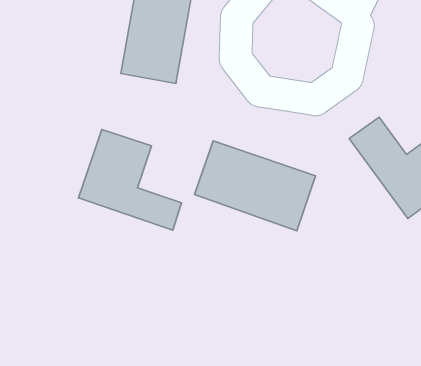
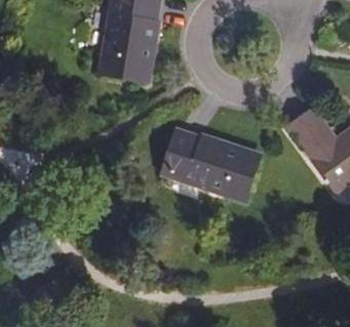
building: [79,130,182,230] -> none

